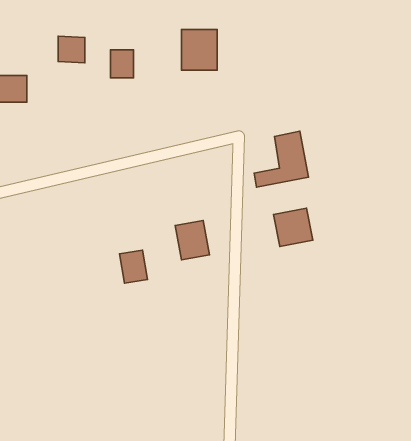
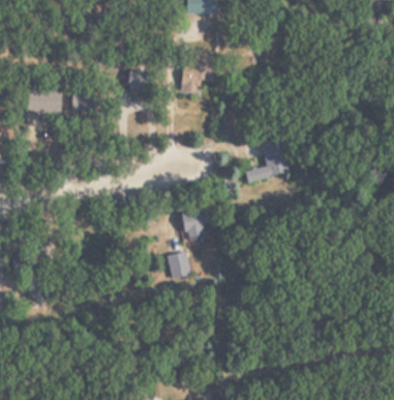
building: [58,36,85,63] -> [70,91,92,113]
building: [274,208,313,247] -> none
building: [120,250,147,283] -> [166,253,189,280]

